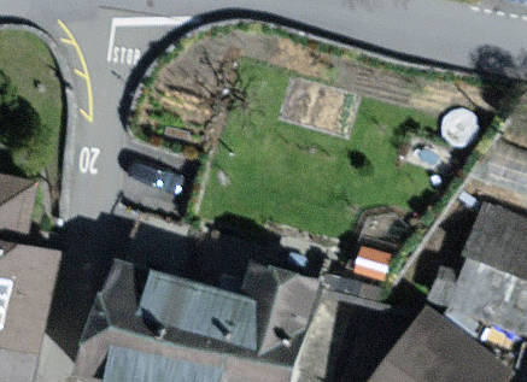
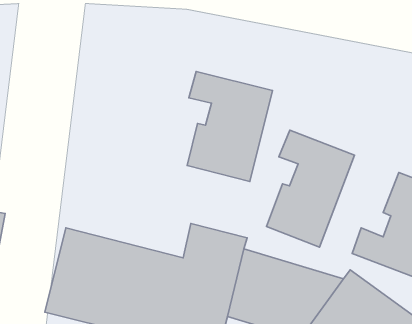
building: none -> [187,72,272,182]
building: none -> [267,130,355,247]

